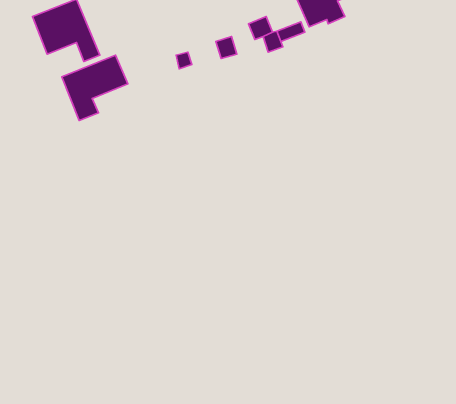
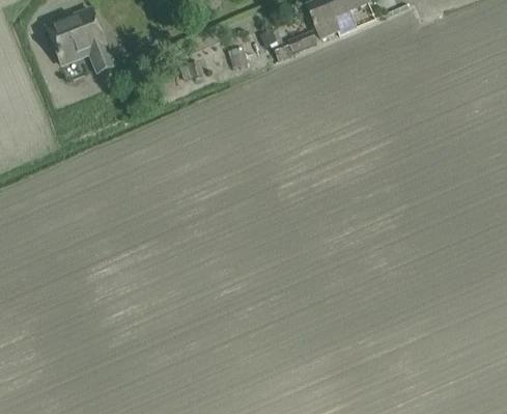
building: [62,55,128,121] -> none

